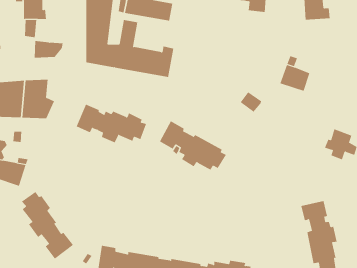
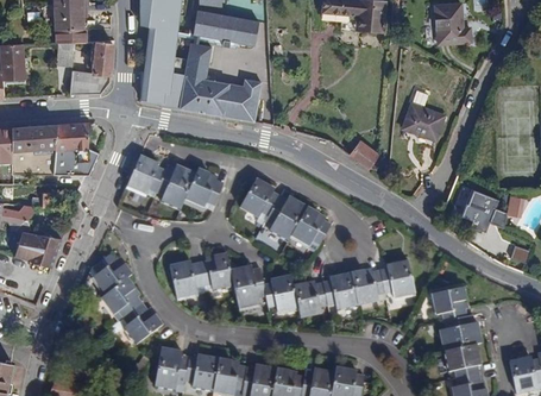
building: none -> [92,42,112,74]
building: none -> [170,253,415,318]
building: [21,191,74,260] -> [92,252,163,345]

